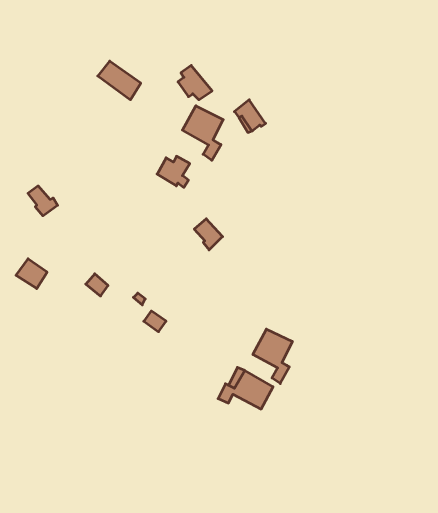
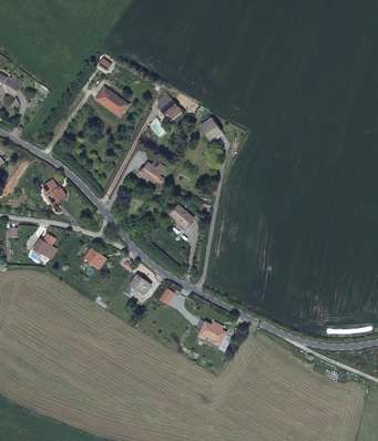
building: [182,106,223,160] -> none
building: [253,329,292,384] -> none

